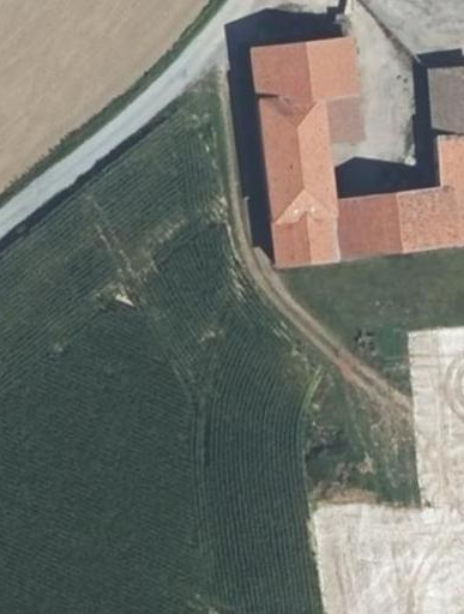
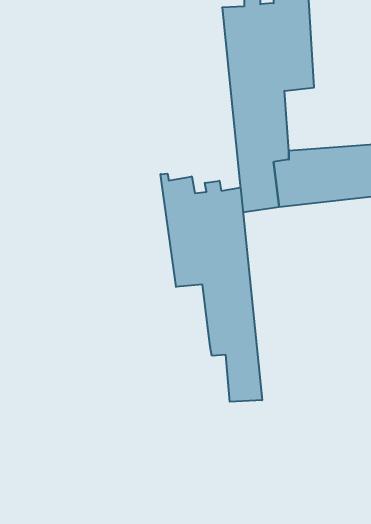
building: none -> [161,174,262,402]

